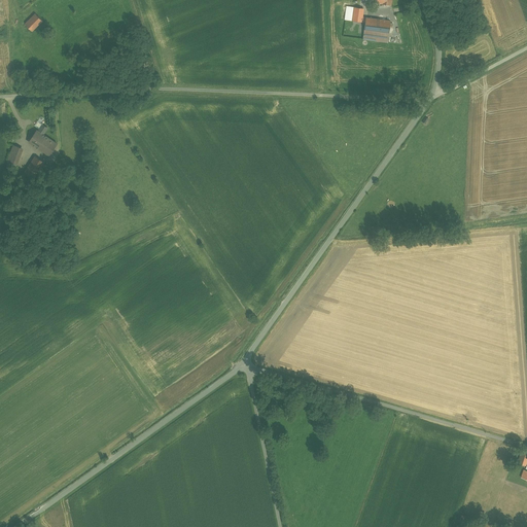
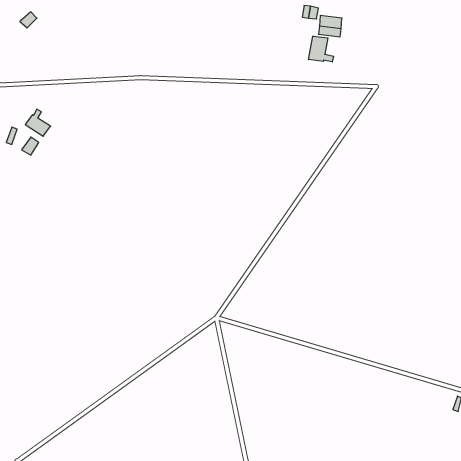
building: none -> [309,36,334,62]

